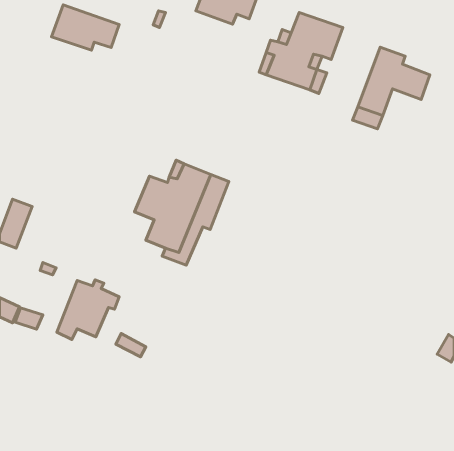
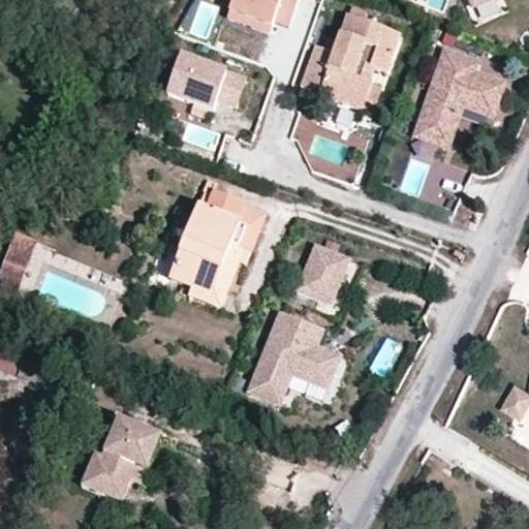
building: [52,5,119,50] -> [168,55,247,107]
building: none -> [298,244,349,303]
building: none -> [253,312,341,403]
building: [57,280,119,339] -> [88,417,160,487]

